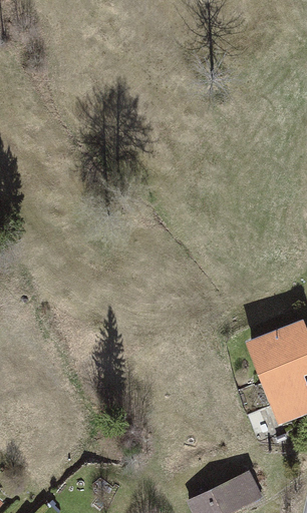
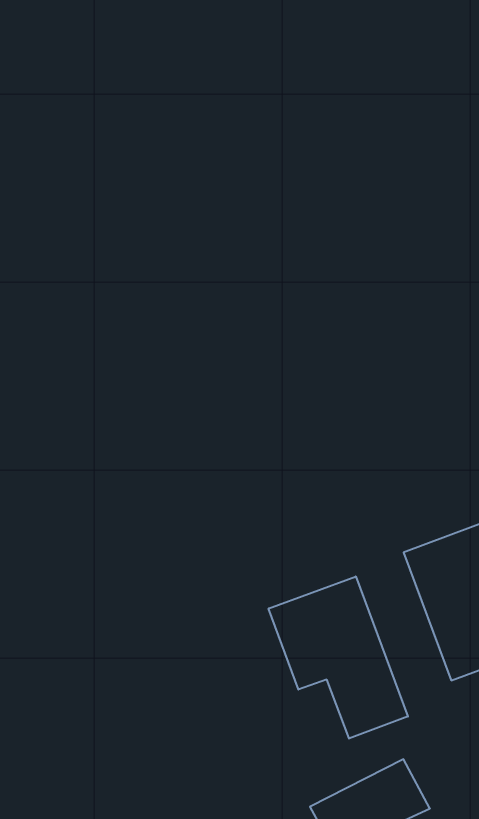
building: none -> [269,576,408,739]

